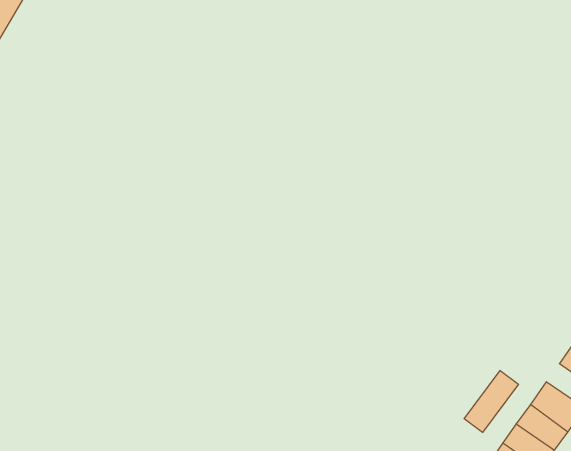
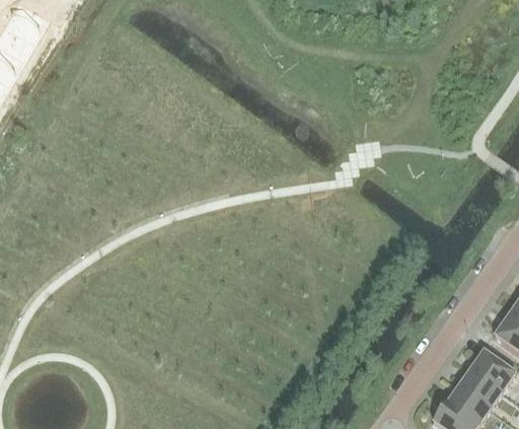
building: [464,370,518,432] -> none

